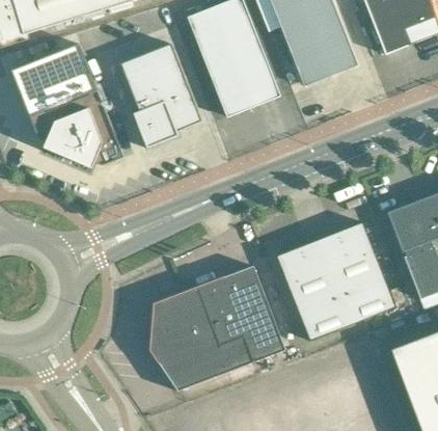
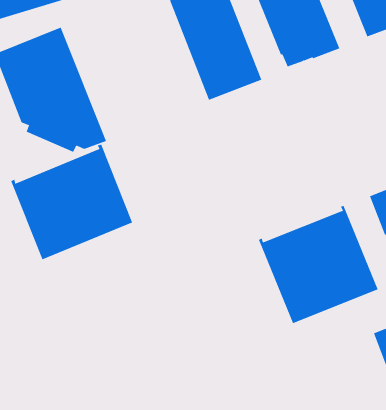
building: [120,43,200,147] -> none
building: none -> [11,144,133,260]
building: [149,265,285,390] -> none

